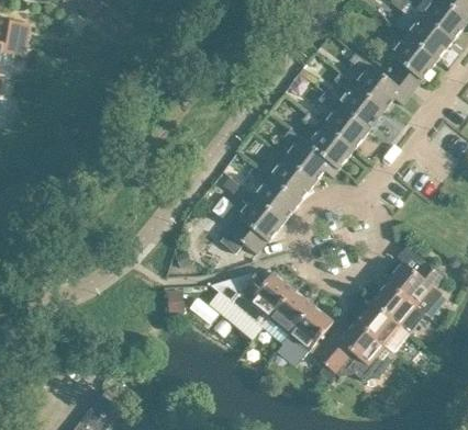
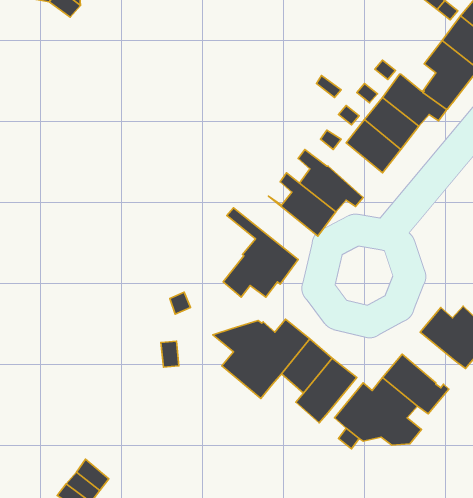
building: [309,123,355,169] -> none
building: [229,168,300,222] -> none
building: [371,283,425,331] -> none

